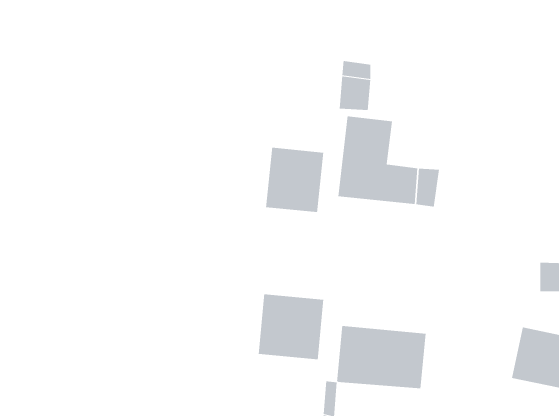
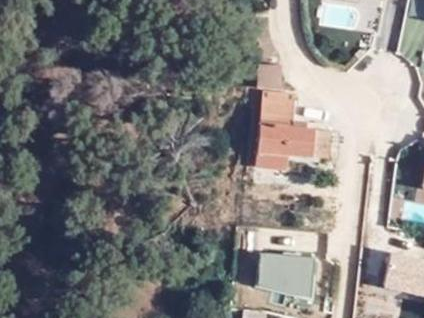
building: [266,147,324,213] -> none
building: [258,293,324,360] -> none

